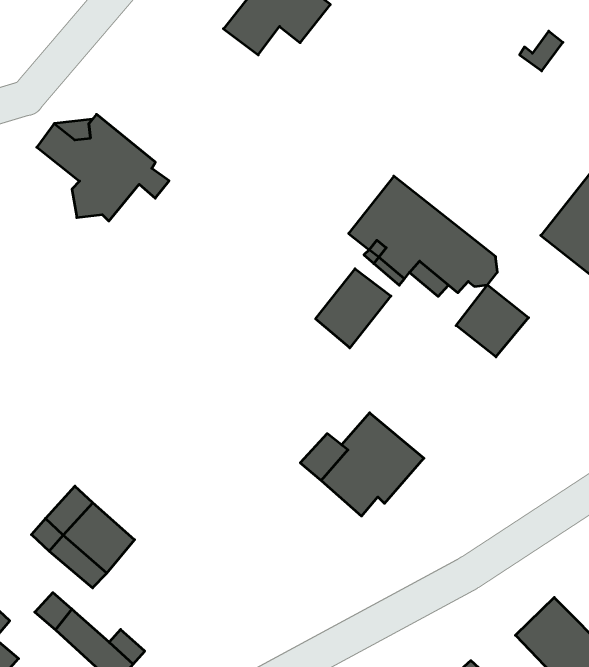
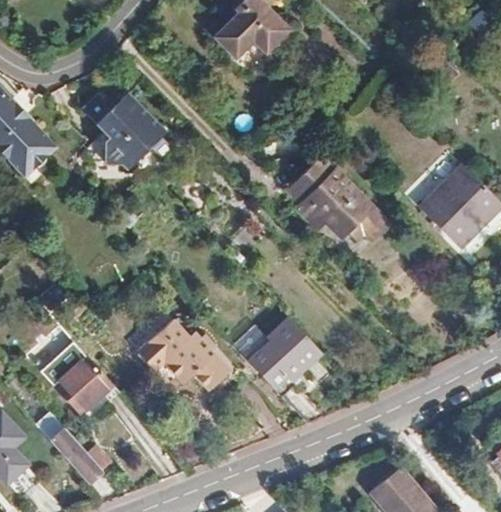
building: [316,269,391,348] -> none
building: [456,285,529,357] -> none
building: none -> [138,320,230,390]

